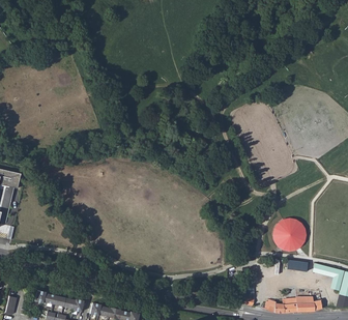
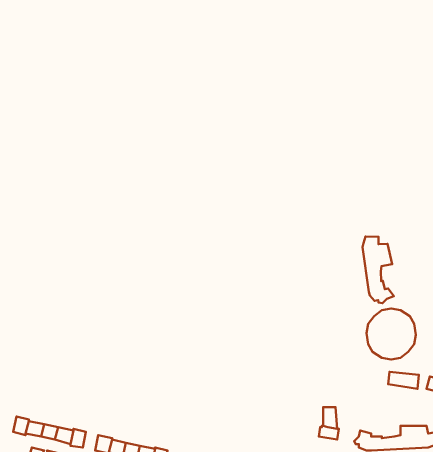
building: none -> [362,237,394,303]

